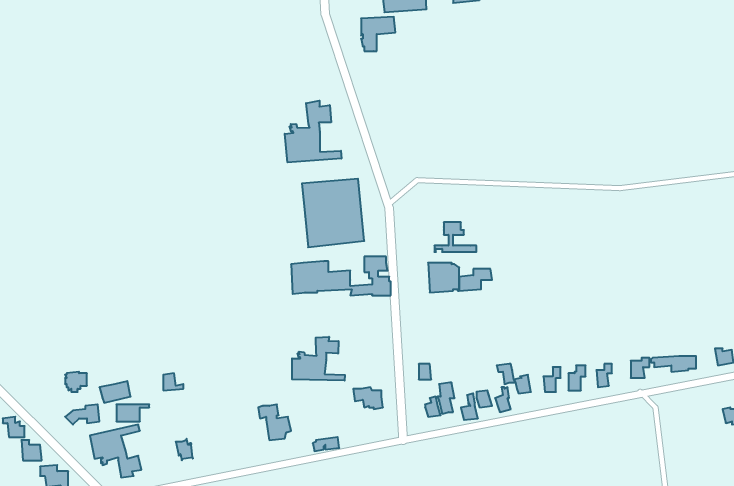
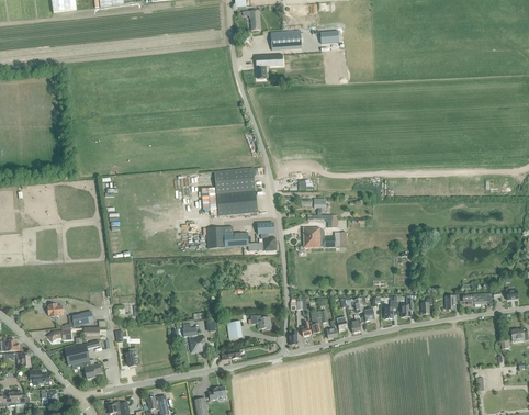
building: [285,101,341,162] -> none
building: [292,337,345,381] -> none

